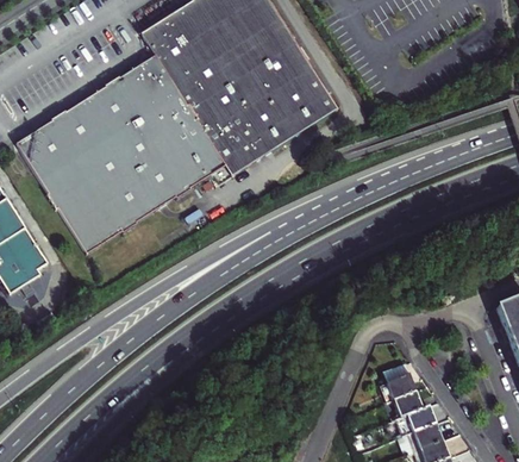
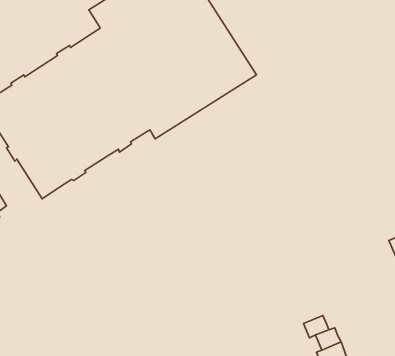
building: [381,373,417,402] -> none

